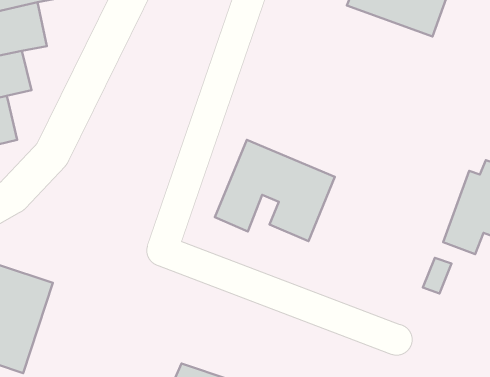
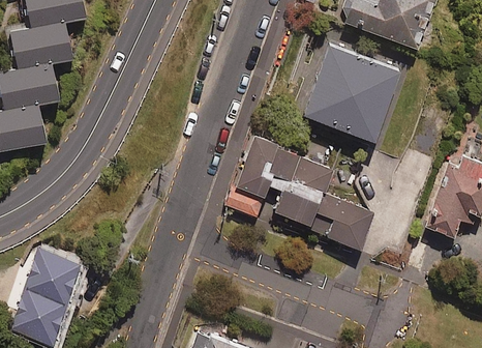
building: none -> [298,45,397,141]
building: none -> [314,196,372,250]

